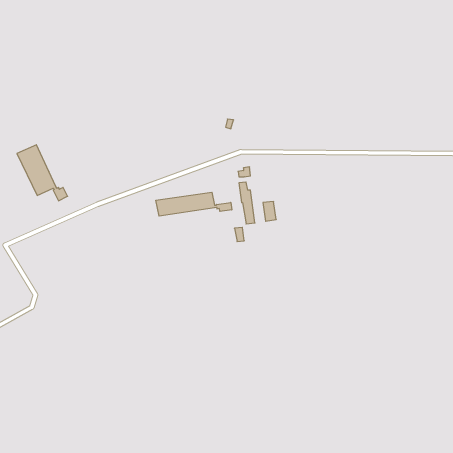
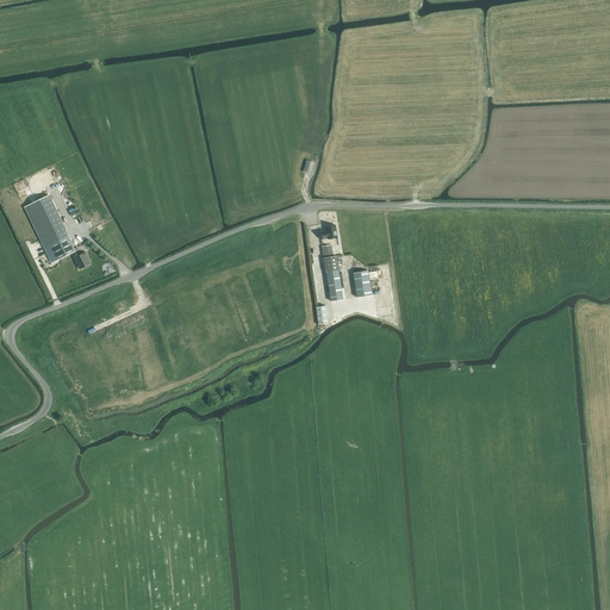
building: [156,192,232,216] -> none

